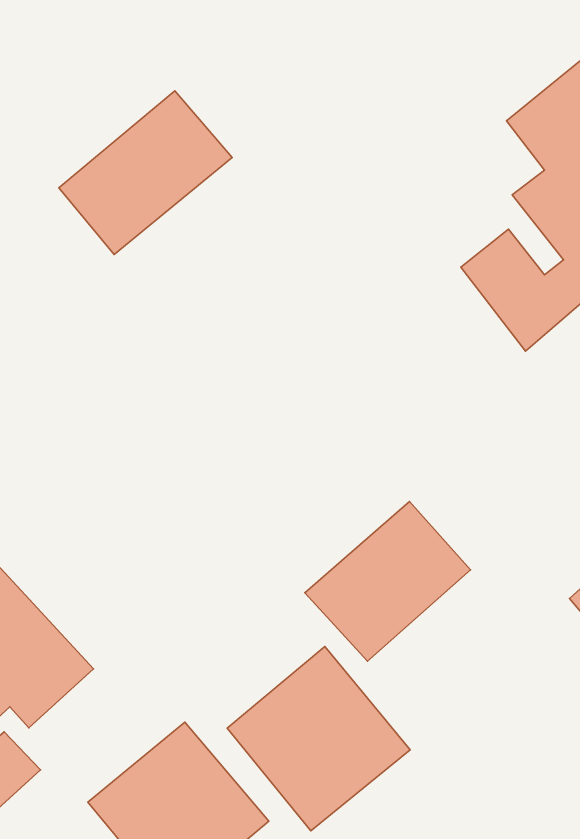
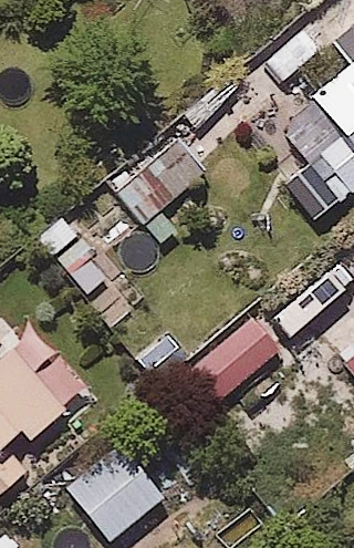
building: [59,91,232,254] -> [110,133,210,228]
building: [227,647,410,831] -> none

